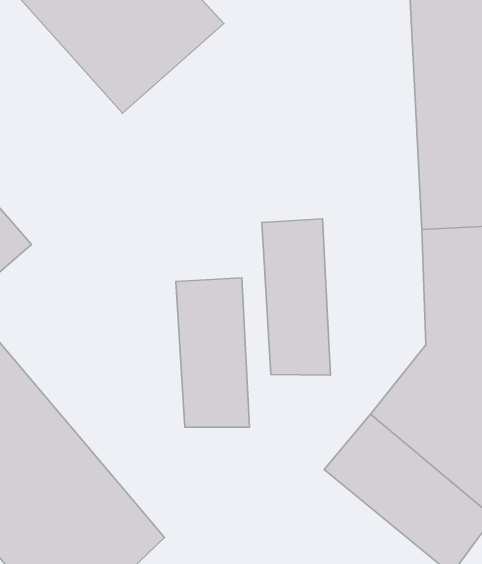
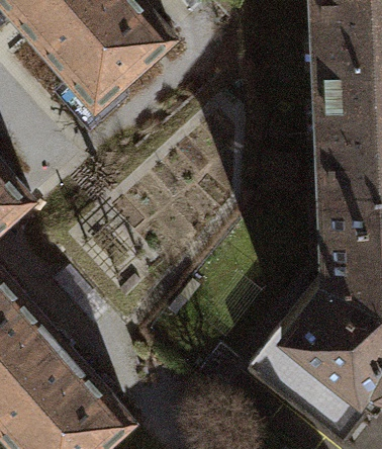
building: [262,219,331,375] -> none
building: [176,278,250,427] -> none

